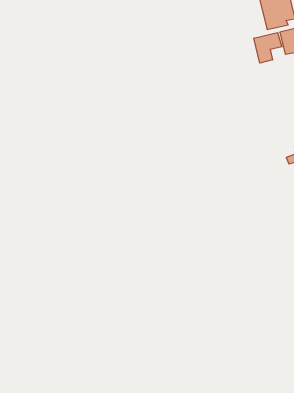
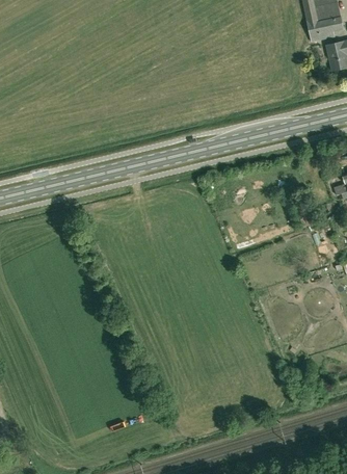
building: [254,33,282,63] -> none

